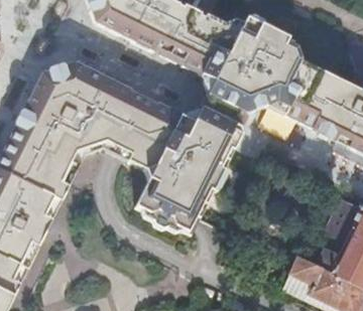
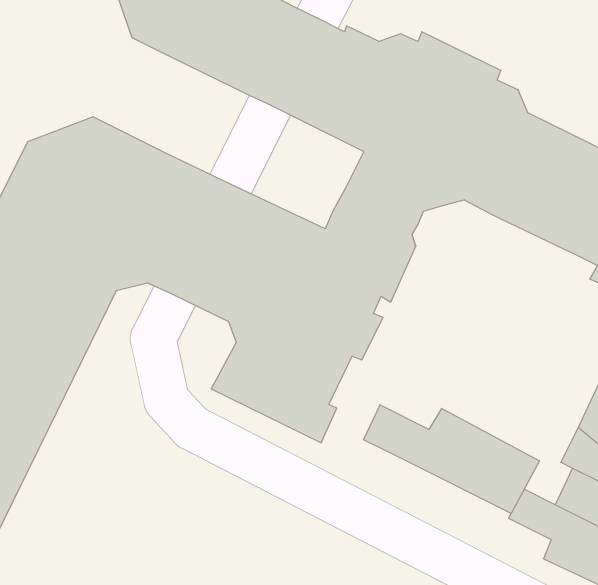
building: none -> [364,405,540,513]

